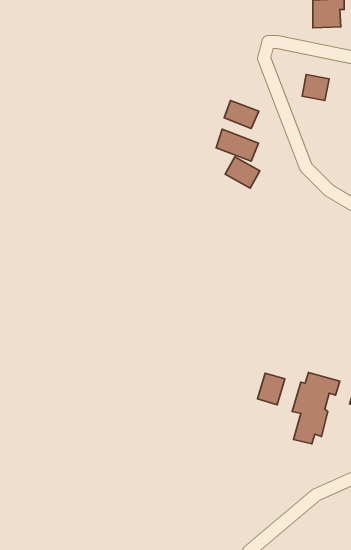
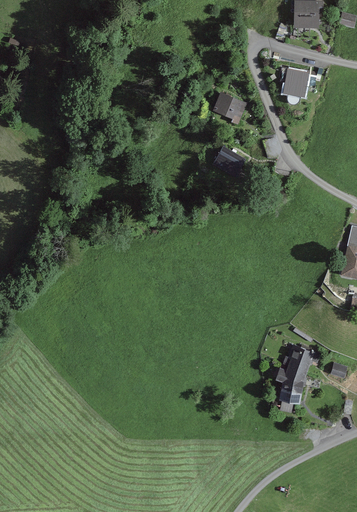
building: [216,129,258,161] -> none
building: [258,373,285,405] -> none

